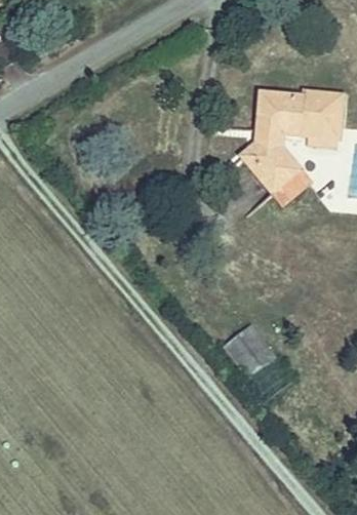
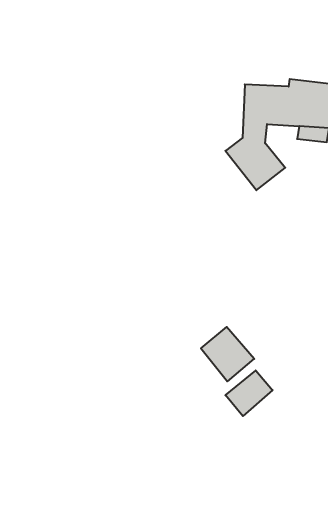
building: none -> [225,370,273,416]

